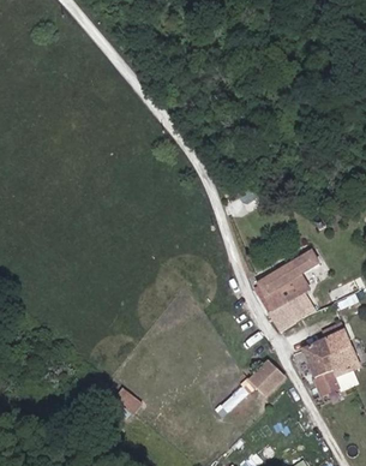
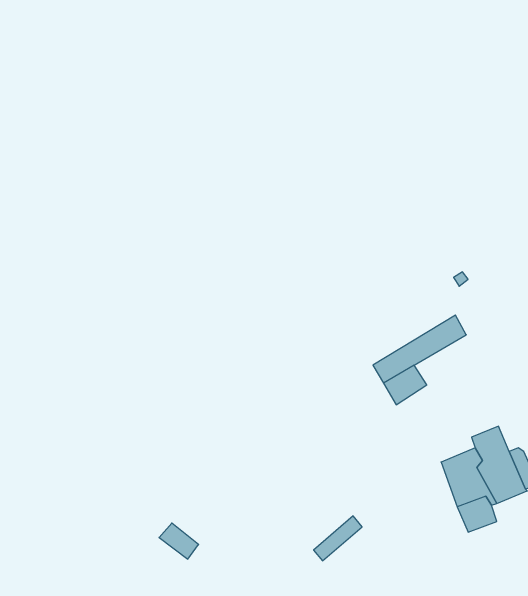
building: [268,295,306,331] -> none
building: [248,360,284,395] -> none

